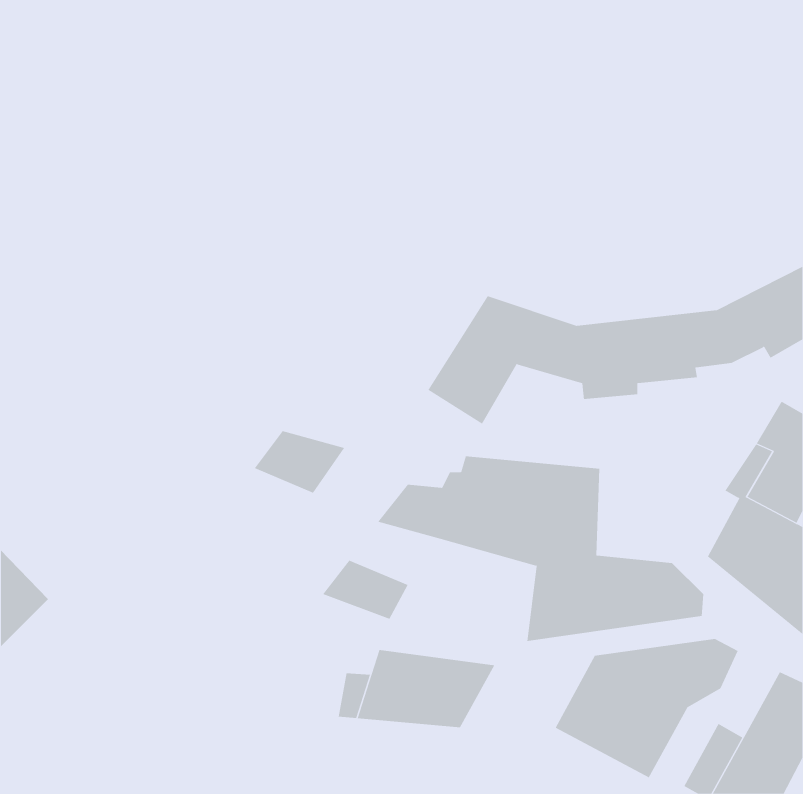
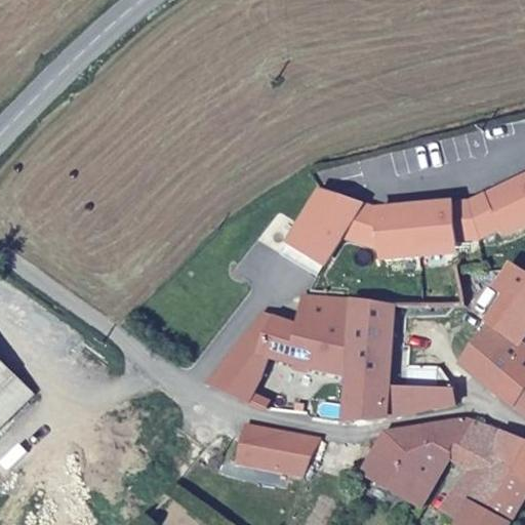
building: [254,430,345,493] -> [228,340,287,381]
building: none -> [449,425,509,481]

